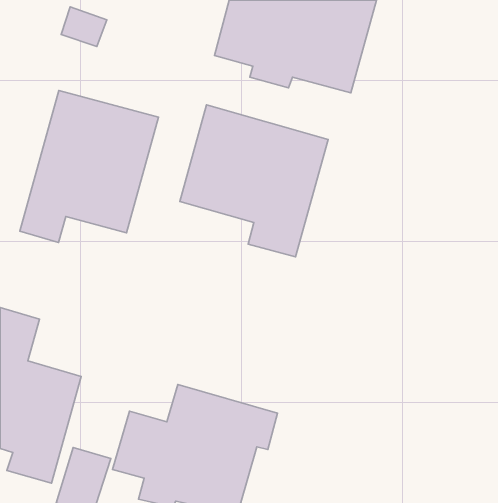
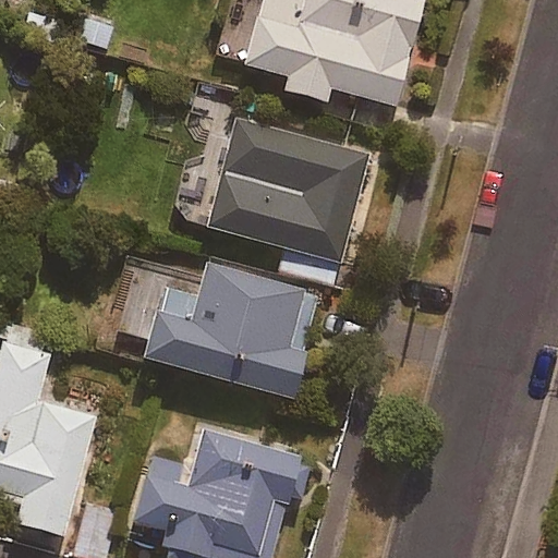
building: [20,90,159,242] -> none
building: none -> [116,260,320,397]

